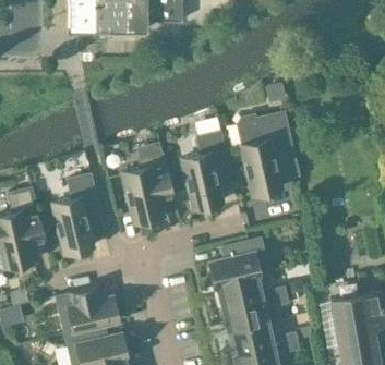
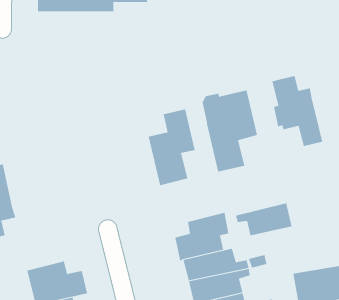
building: none -> [272,75,323,147]
building: [123,154,173,223] -> none
building: [53,174,101,254] -> none
building: none -> [235,202,292,236]

